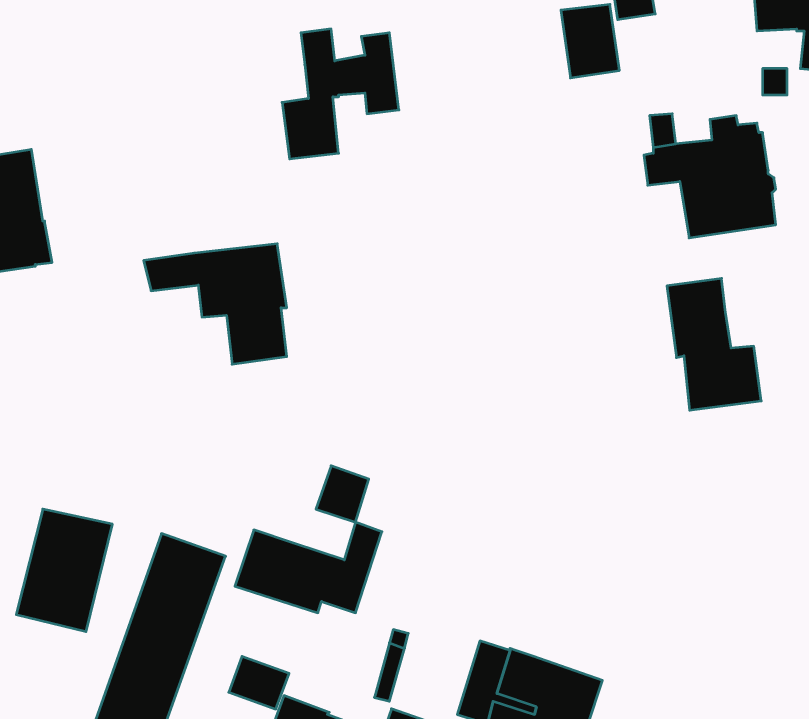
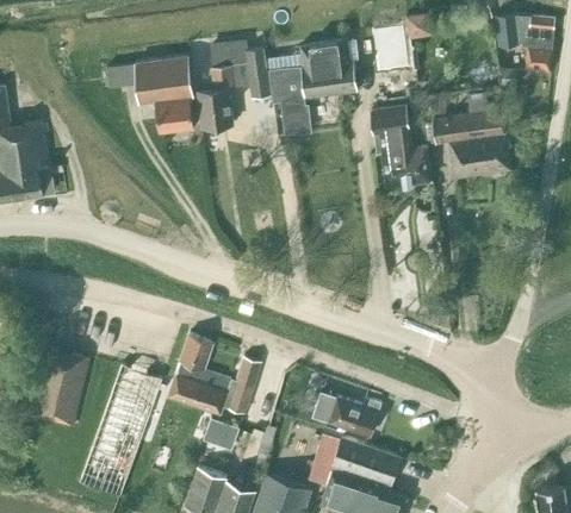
building: none -> [269,40,356,136]
building: [144,244,287,364] -> [104,56,194,132]
building: [667,278,761,410] -> [372,102,432,186]
building: [316,466,369,522] -> [180,333,213,369]
building: none -> [312,390,381,436]
building: [229,656,289,709] -> [203,415,241,449]

